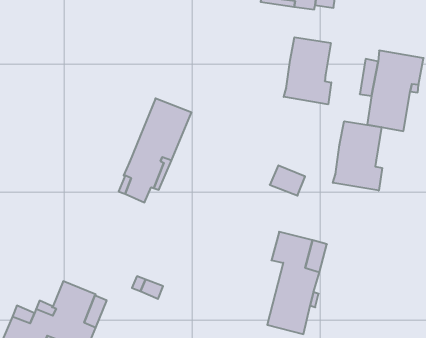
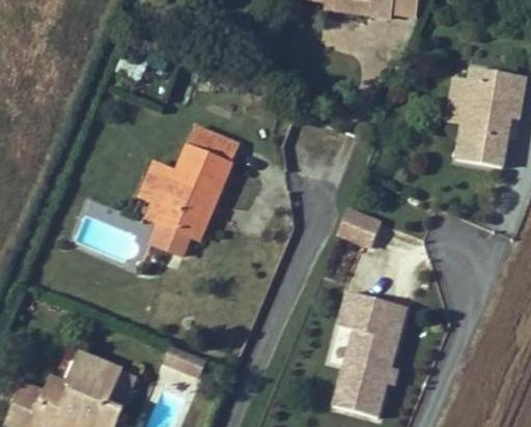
building: [284,37,331,104] -> none
building: [333,121,382,191] -> none
building: none -> [140,163,176,222]

